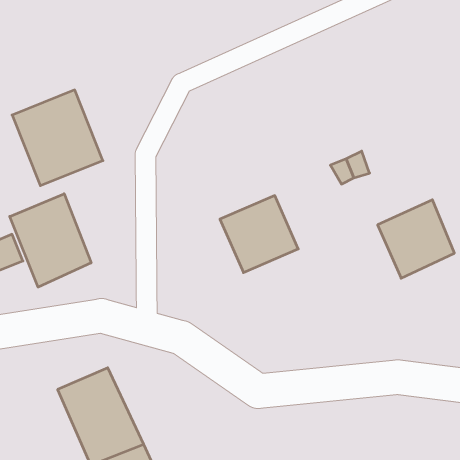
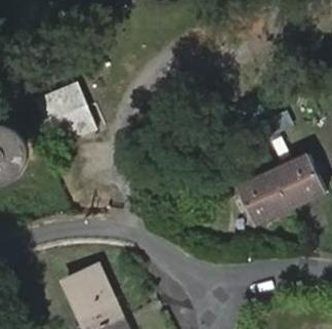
building: [10,194,91,287] -> none
building: [220,196,298,273] -> [238,171,289,221]

